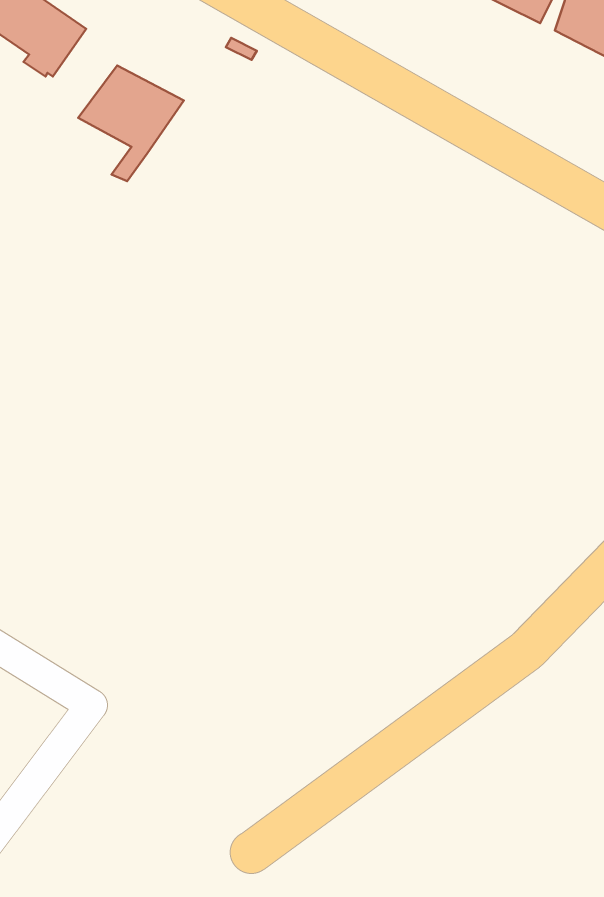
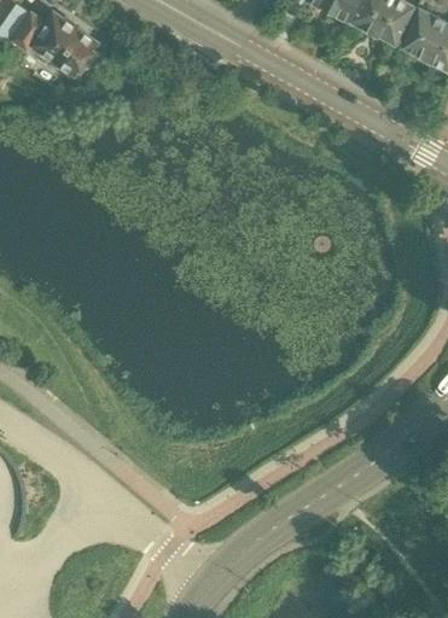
building: [78,65,184,181] -> none

